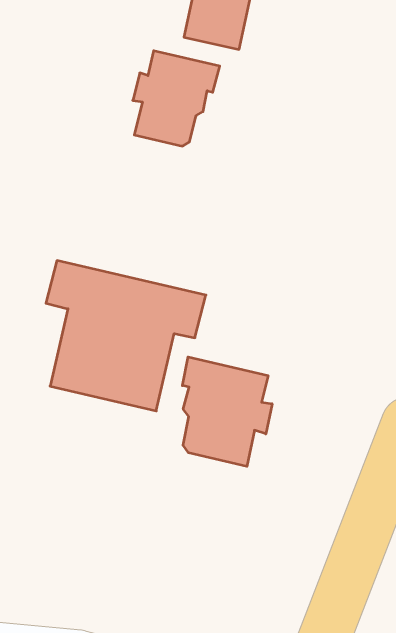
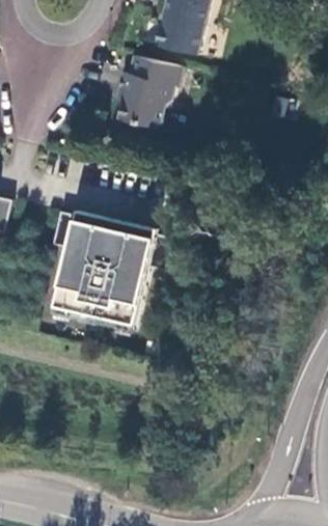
building: [182,357,272,466] -> none

